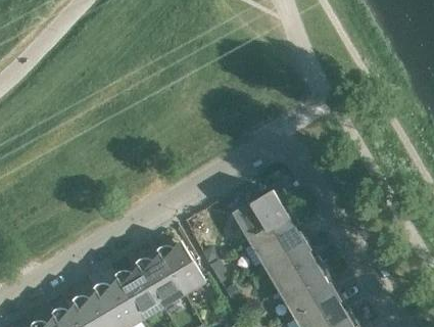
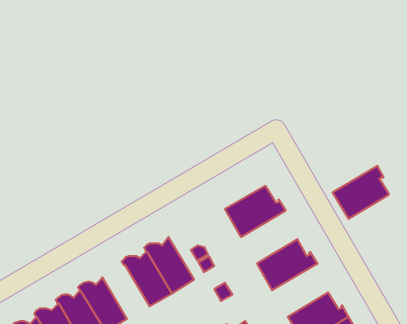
building: [249,215,303,266] -> [333,166,389,219]
building: [279,266,333,317] -> none
building: [114,267,161,319] -> none

